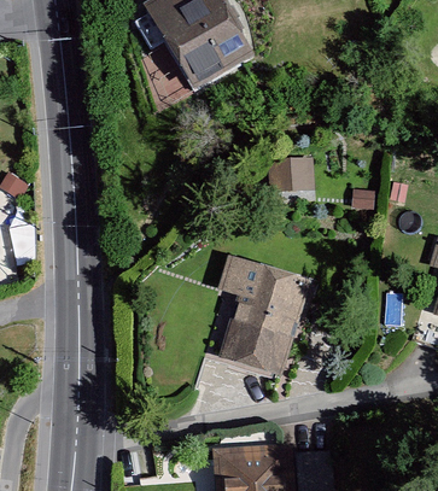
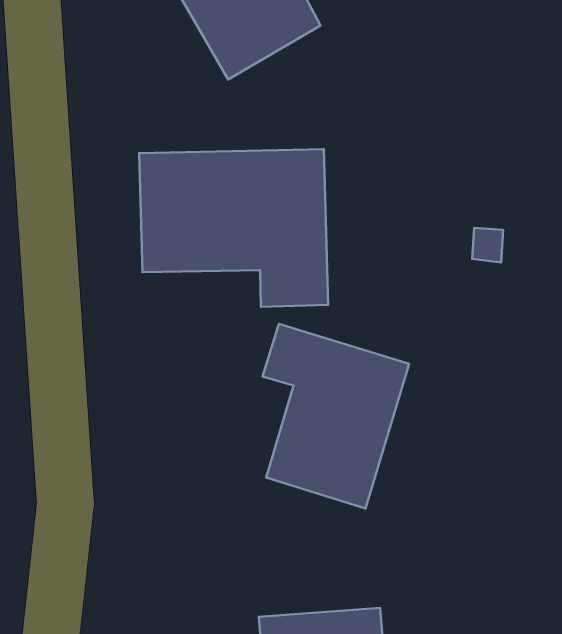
building: none -> [139,149,328,307]
building: [268,157,314,193] -> none

